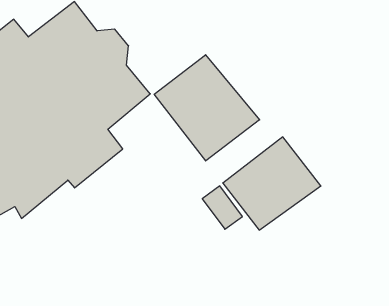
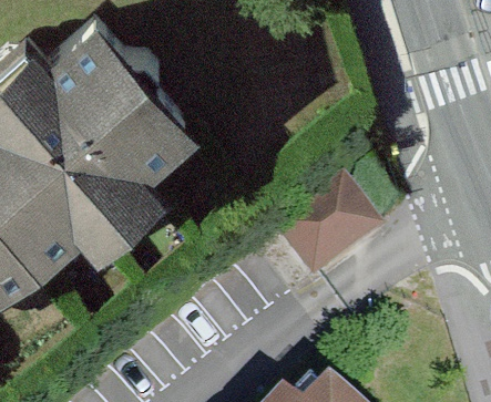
building: [154,55,260,161] -> none

